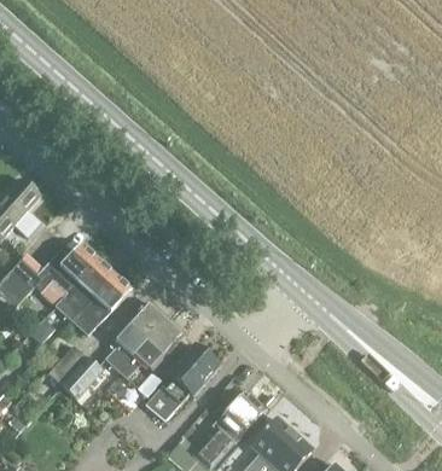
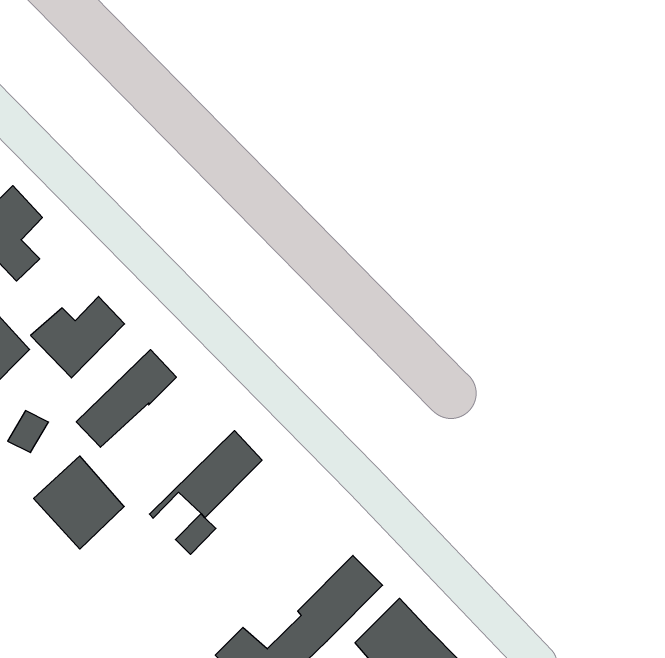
building: [56,260,114,321] -> none
building: [105,303,168,374] -> none
building: [145,344,220,419] -> none

